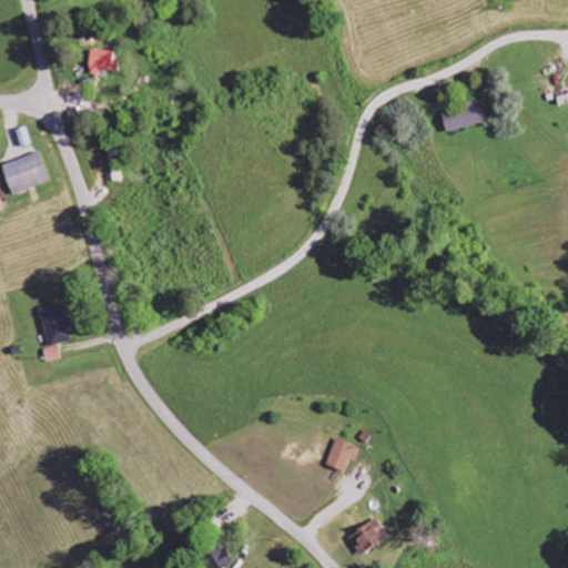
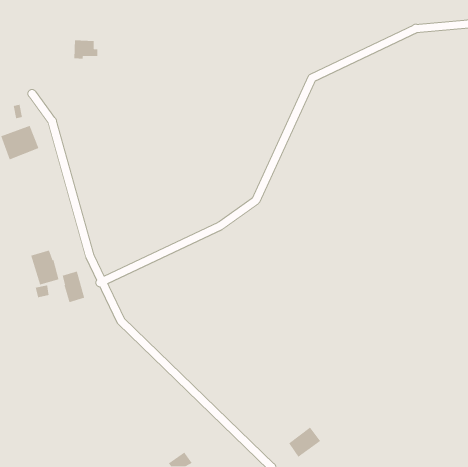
building: [442,102,484,130] -> none
building: none -> [62,271,85,303]
building: [326,437,361,470] -> none

